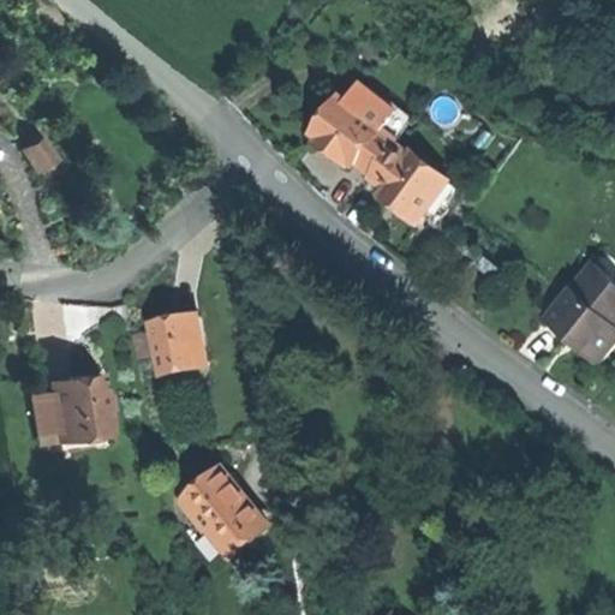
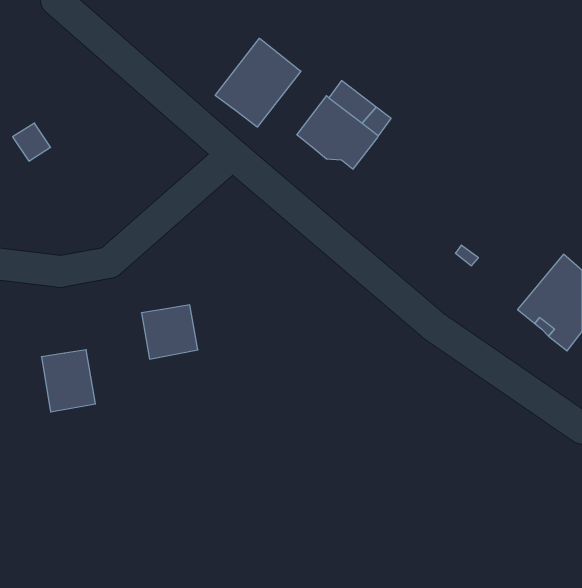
building: none -> [215,38,301,127]
building: [366,144,449,223] -> none
building: [185,467,262,547] -> none

